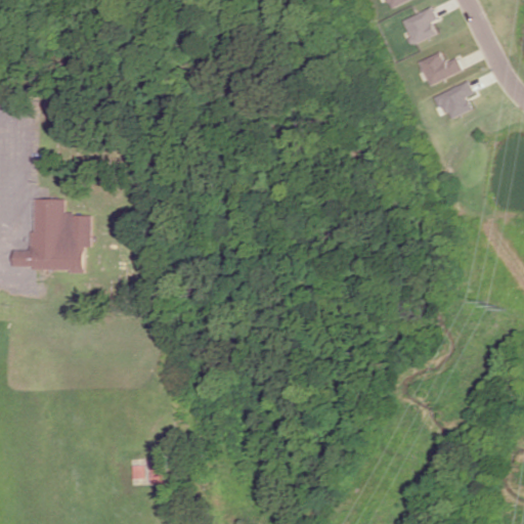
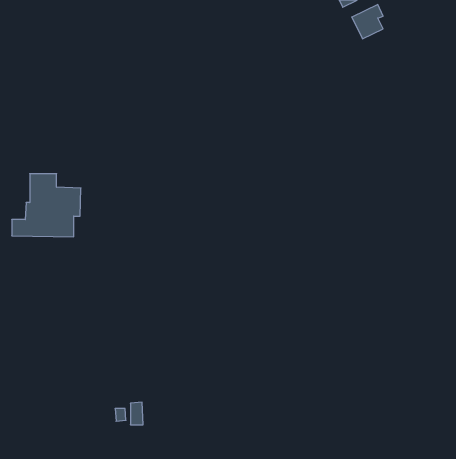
building: [418,52,462,85] -> none
building: [434,82,472,118] -> none

